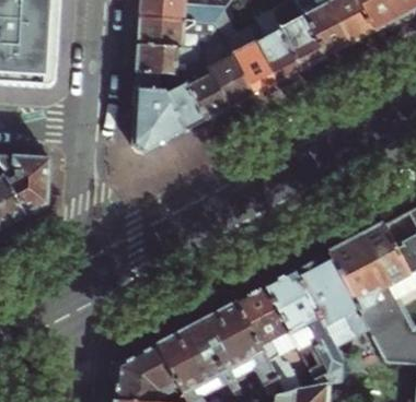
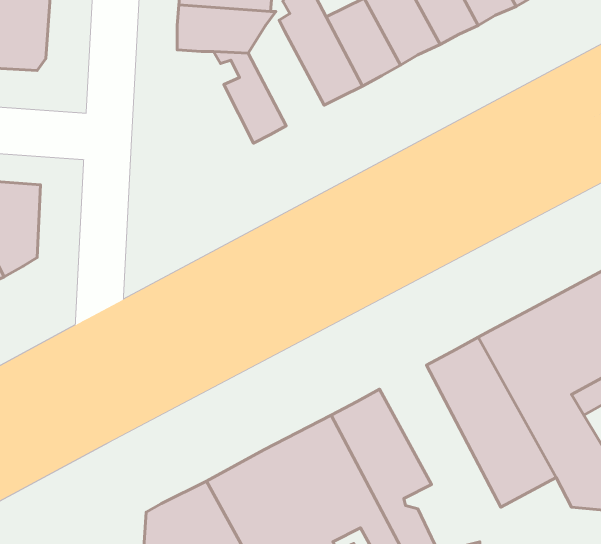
building: [182,57,230,120] -> none
building: [131,72,185,153] -> none
building: [265,271,342,379] -> none

